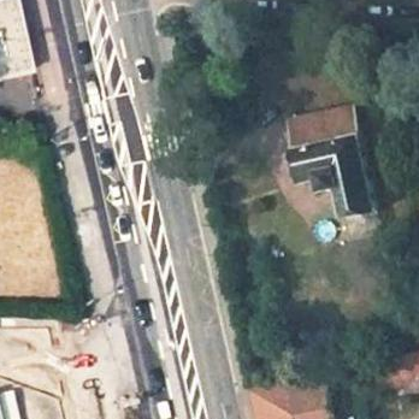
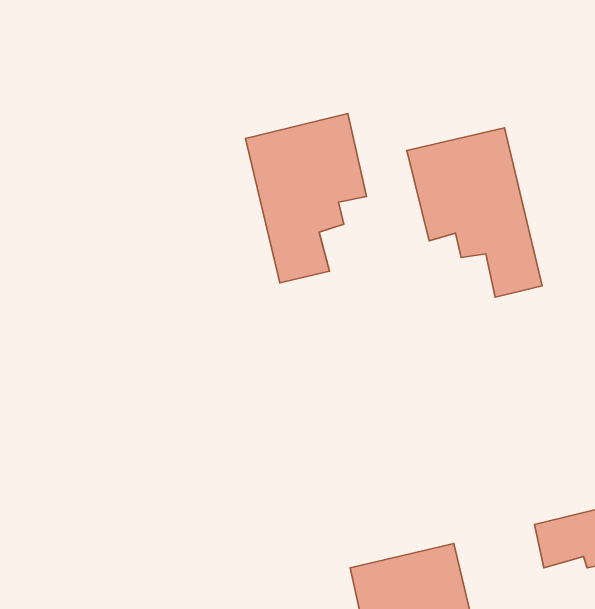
building: none -> [246,113,367,283]

